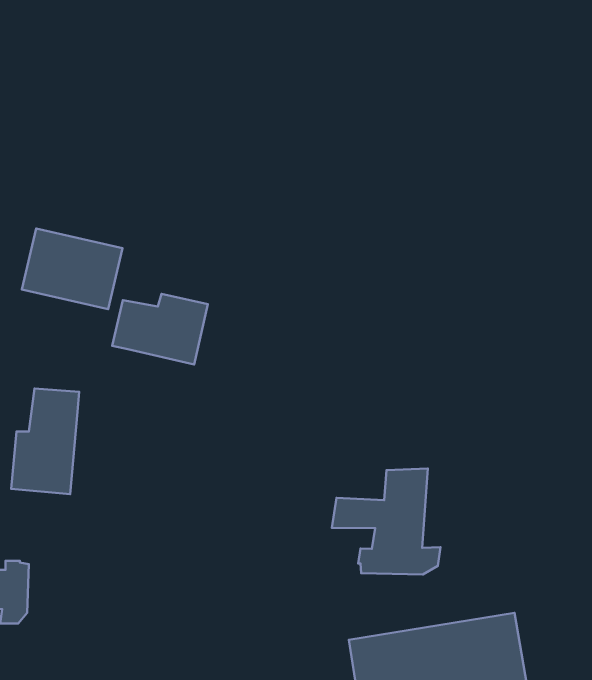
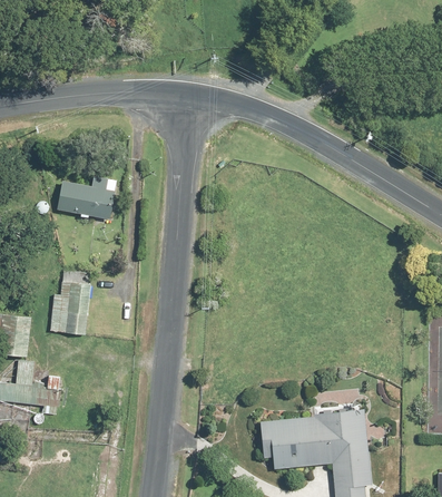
building: [112,294,208,364] -> none
building: [332,469,441,575] -> none

